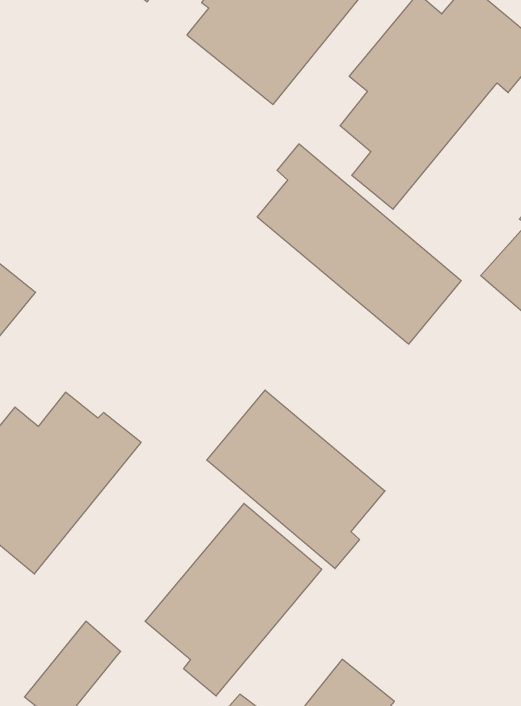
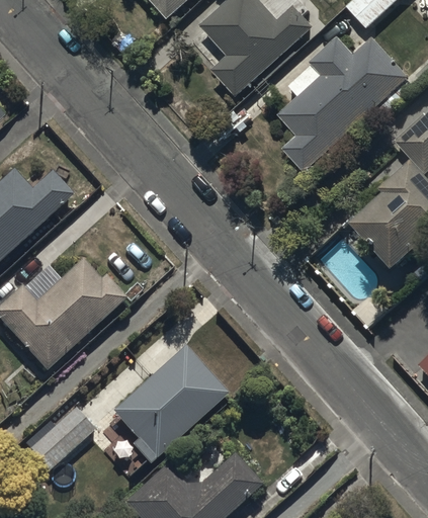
building: [257,144,461,344] -> none
building: [207,390,385,569] -> none

